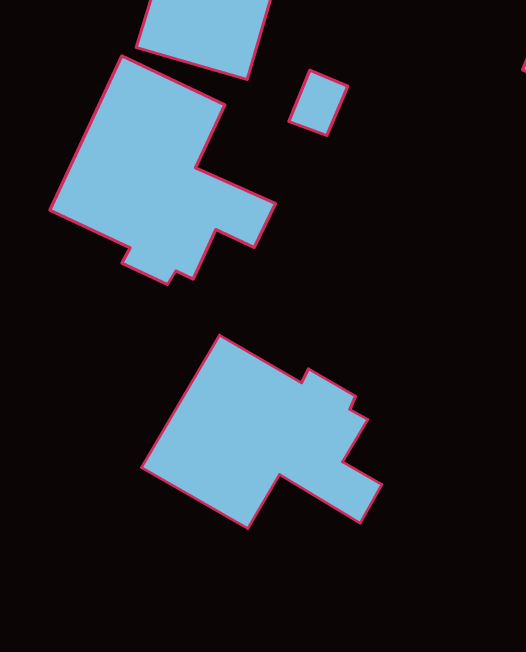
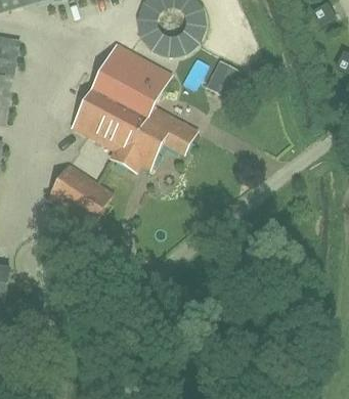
building: none -> [46,162,114,227]
building: [142,335,382,529] -> none

